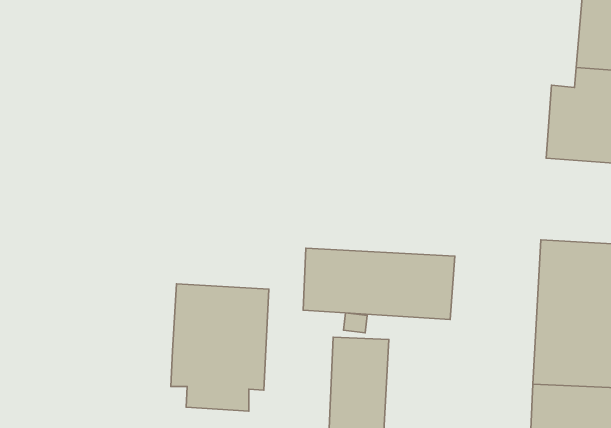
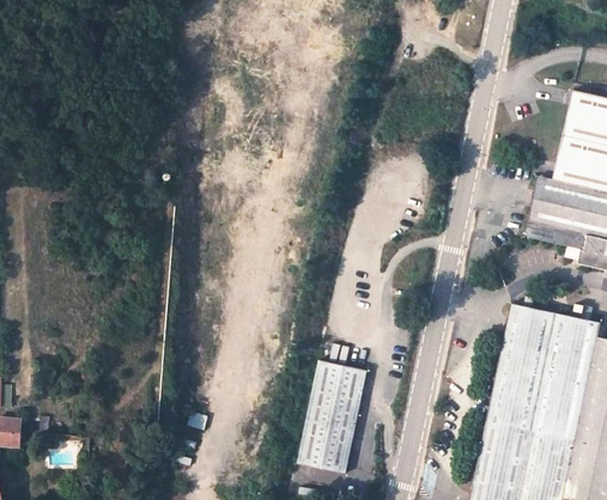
building: [303,248,455,319] -> none
building: [171,284,269,411] -> none

